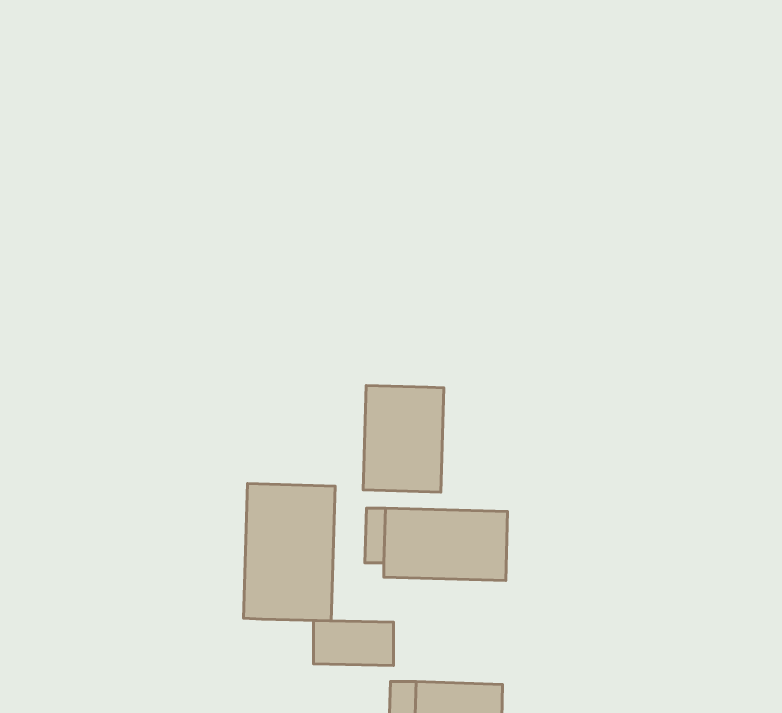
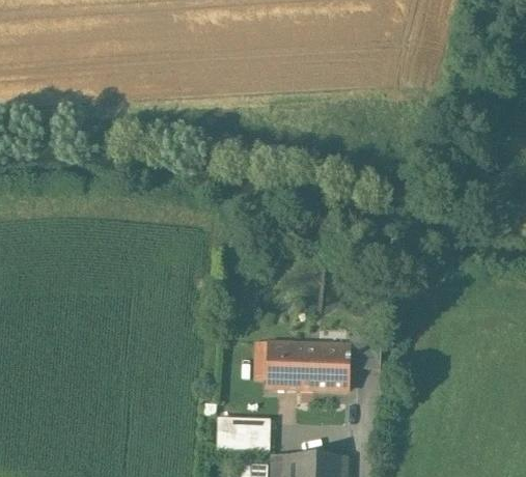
building: [363,385,444,492] -> none
building: [244,483,335,621] -> none

